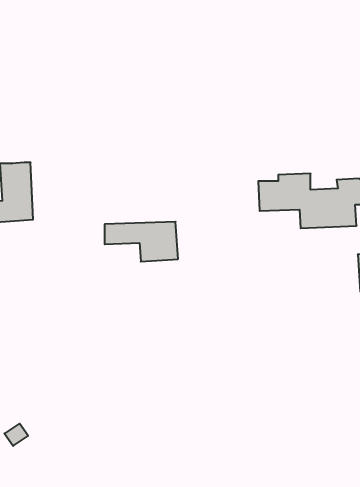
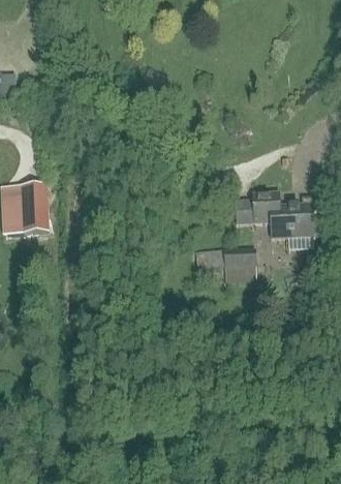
building: [105,222,178,262] -> [195,249,256,282]

